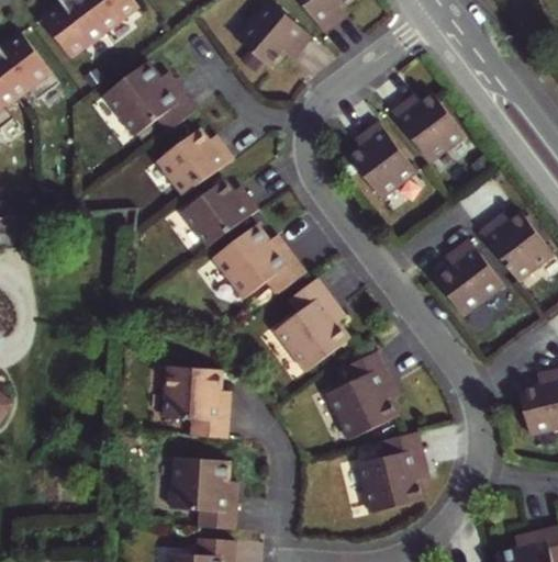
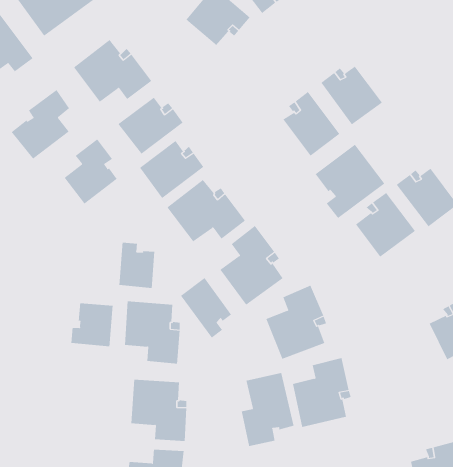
building: none -> [11,89,70,159]
building: none -> [64,138,118,204]
building: none -> [315,144,385,219]
building: none -> [119,242,155,289]
building: none -> [180,277,232,339]
building: none -> [71,302,113,347]
building: none -> [241,372,294,447]

